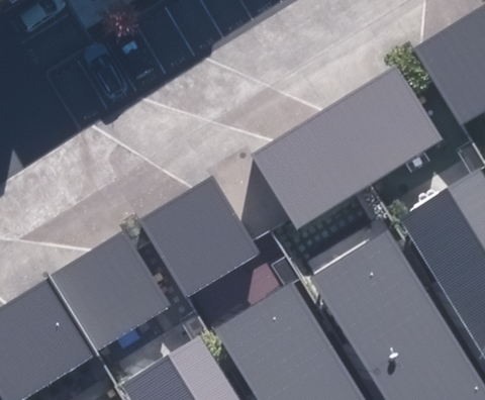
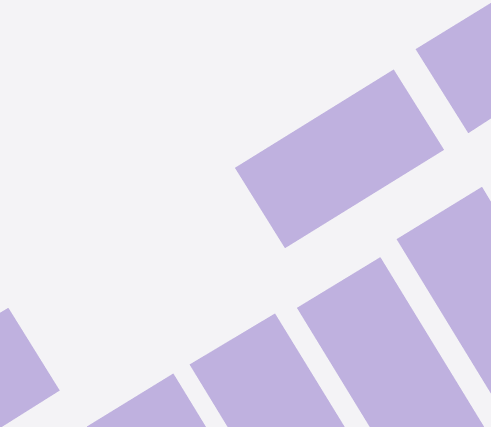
building: [141,175,264,297] -> none
building: [57,226,177,347] -> none

